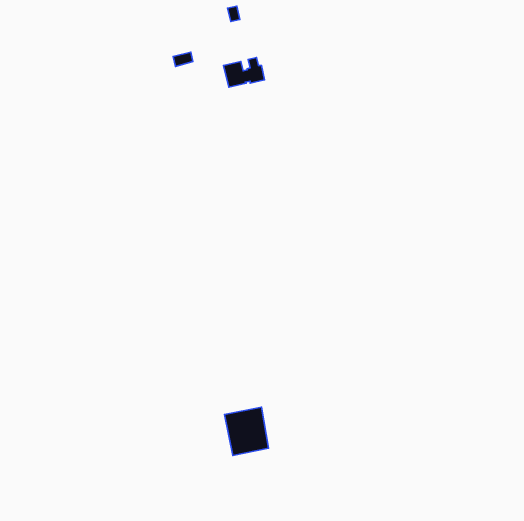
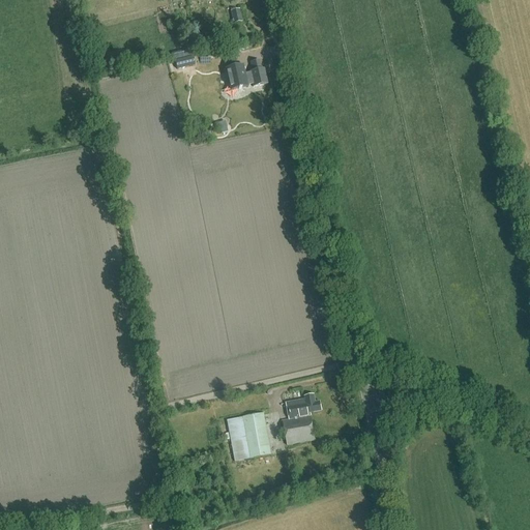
building: none -> [283,392,321,443]

